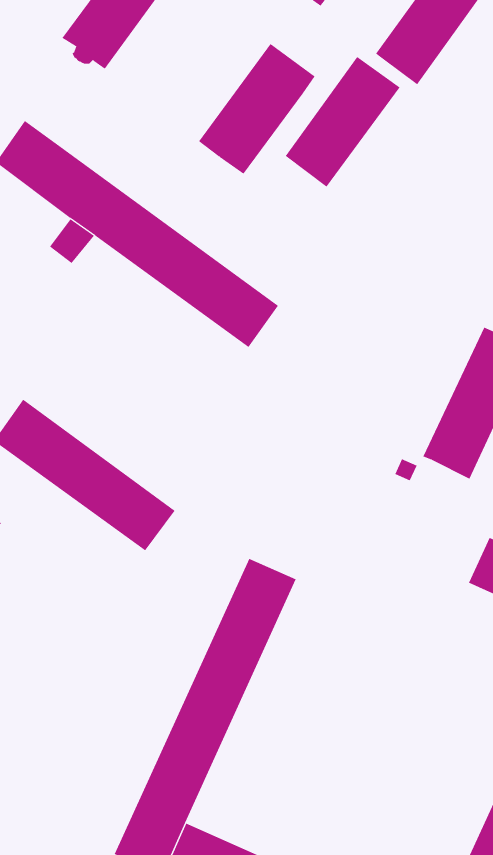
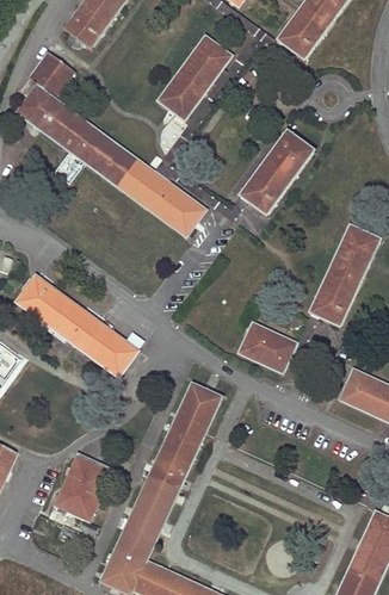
building: [285,56,401,188] -> [236,126,315,216]
building: none -> [27,51,76,100]
building: none -> [237,322,298,373]
building: none -> [54,457,113,522]

